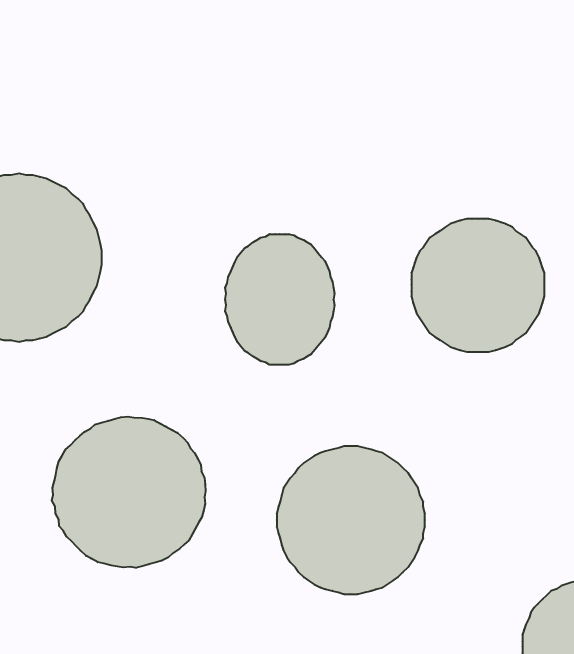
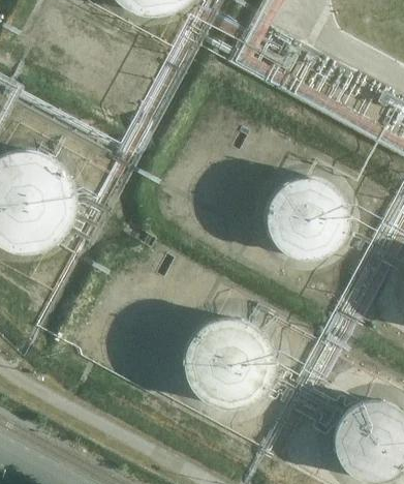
building: [225,234,334,365] -> none
building: [52,417,206,568] -> none

